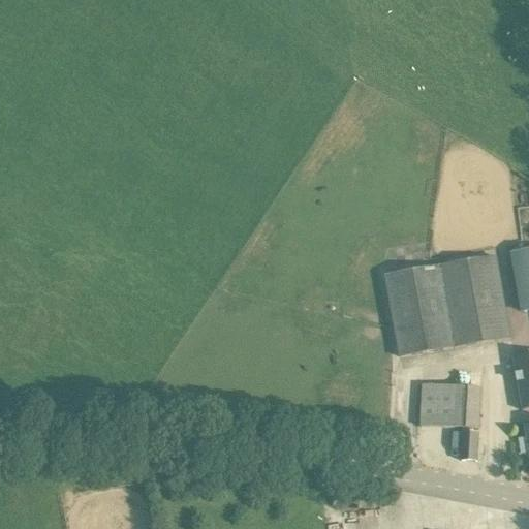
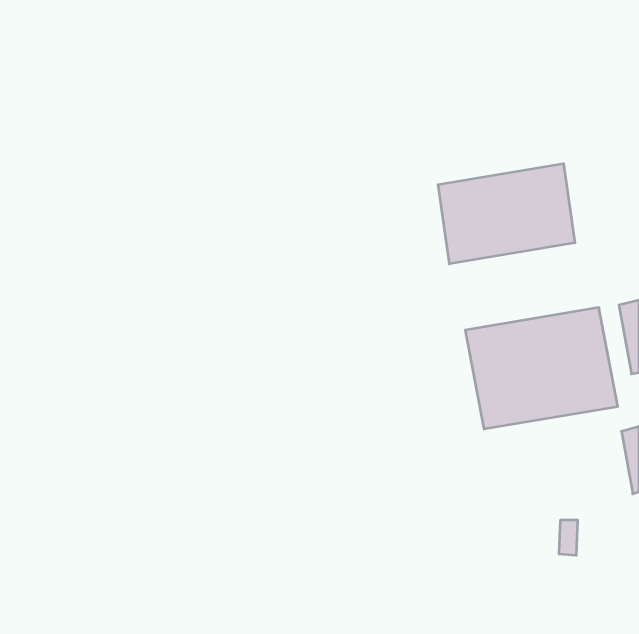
building: none -> [438,164,575,264]
building: [421,382,480,427] -> none

